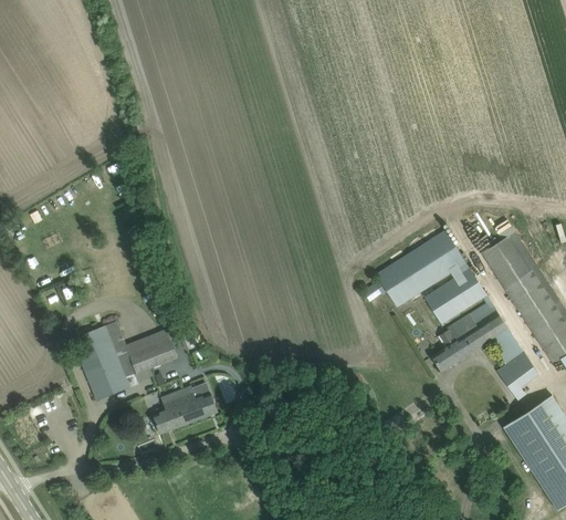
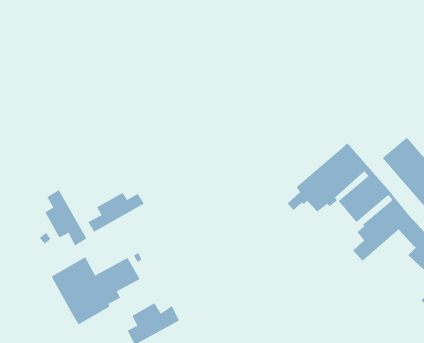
building: none -> [45,189,87,247]
building: none -> [87,192,145,233]

